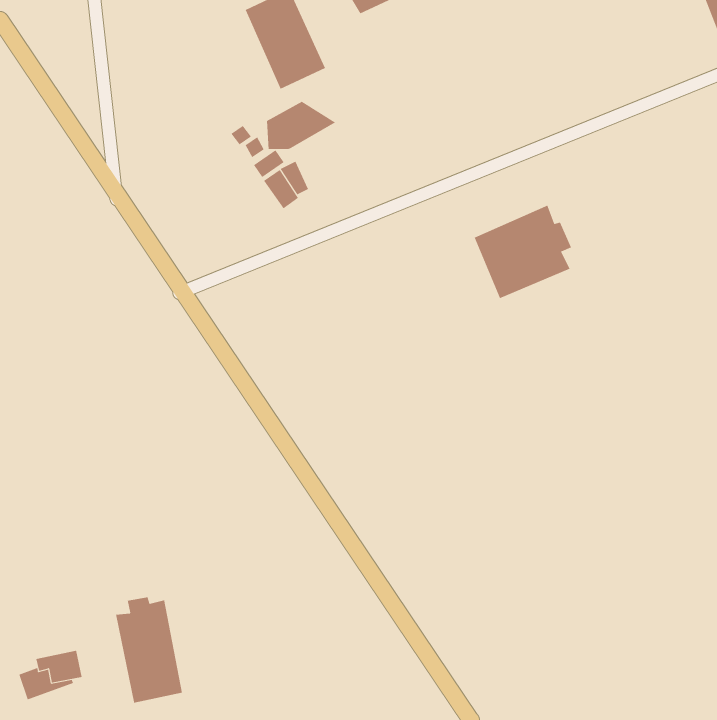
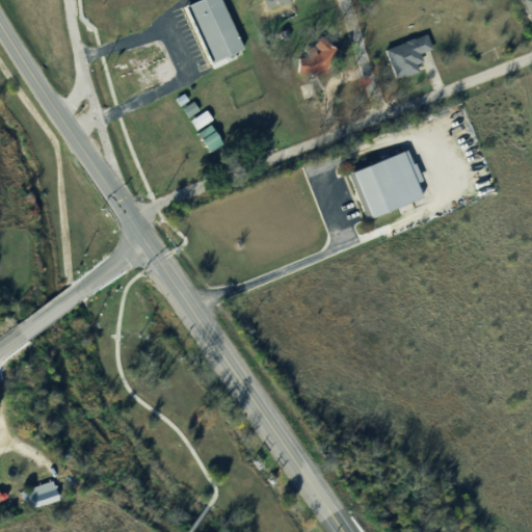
building: none -> [387,32,433,76]
building: [266,101,336,149] -> [298,38,349,74]
building: [115,597,183,704] -> none

